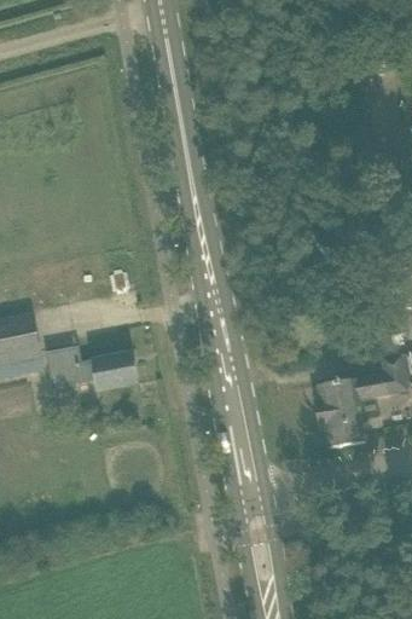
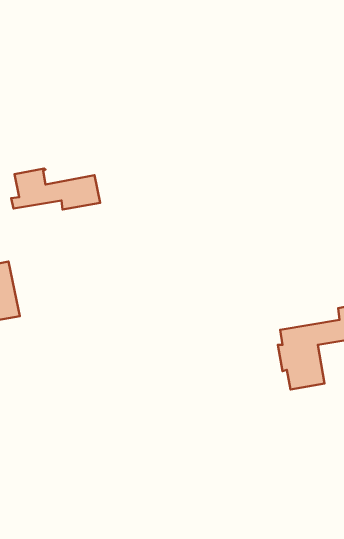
building: [41,346,135,389] -> [11,168,100,210]

